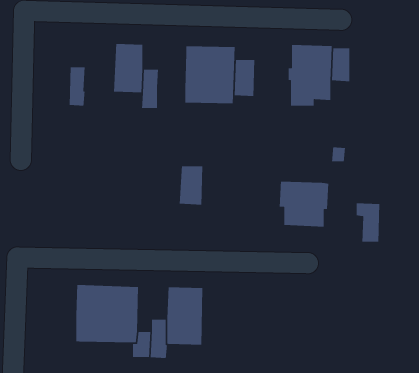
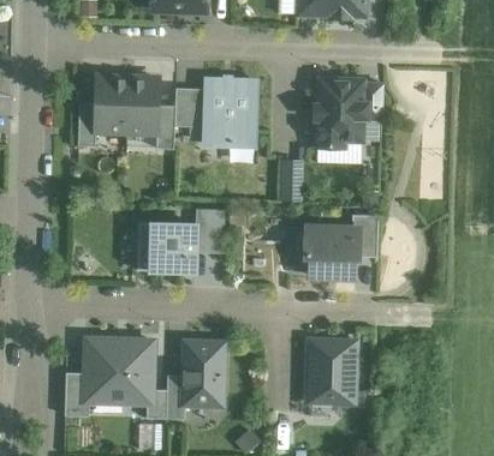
building: none -> [94,77,127,131]
building: none -> [173,88,203,127]
building: [234,59,255,97] -> [278,160,300,200]
building: none -> [136,222,195,272]
building: [356,202,380,242] -> [351,214,377,257]
building: none -> [306,340,355,402]
building: none -> [64,372,88,416]

